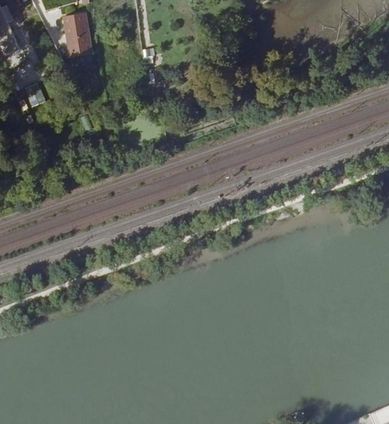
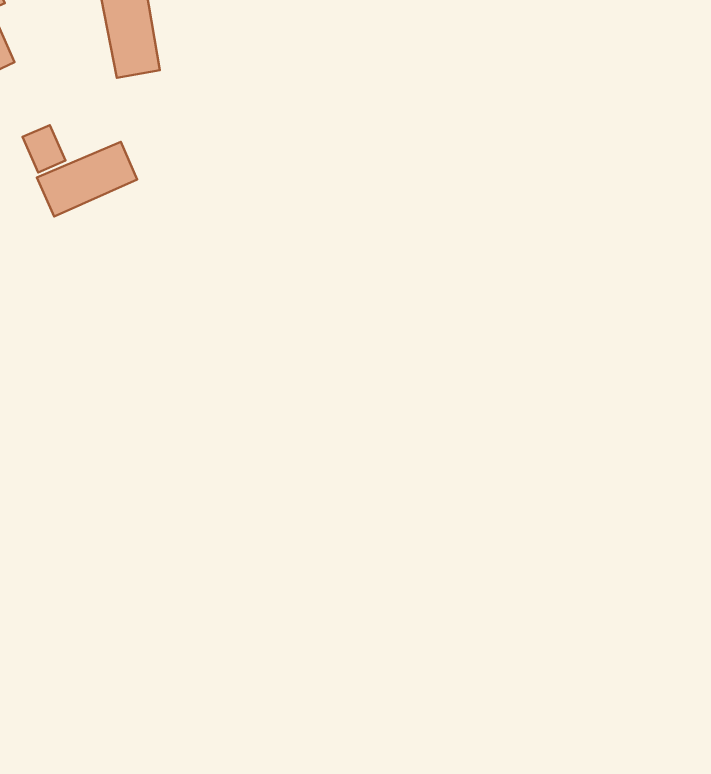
building: none -> [37,142,137,217]

